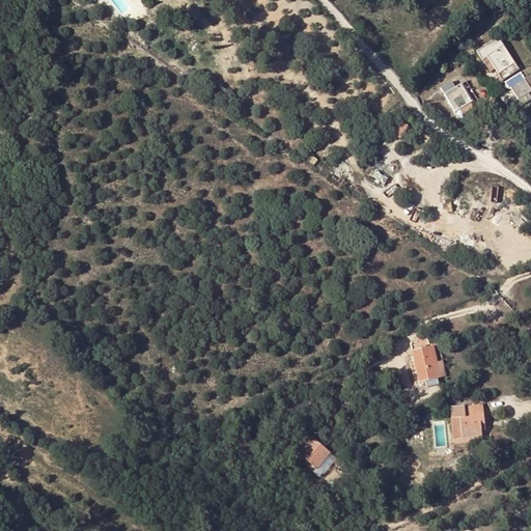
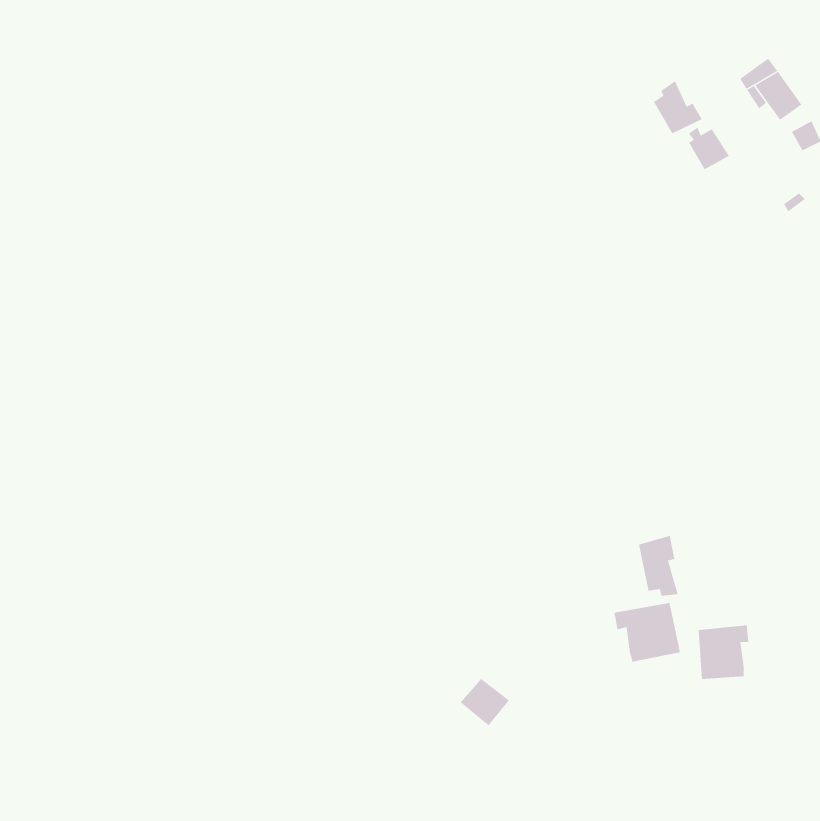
building: none -> [653,80,702,134]
building: none -> [614,602,681,663]

